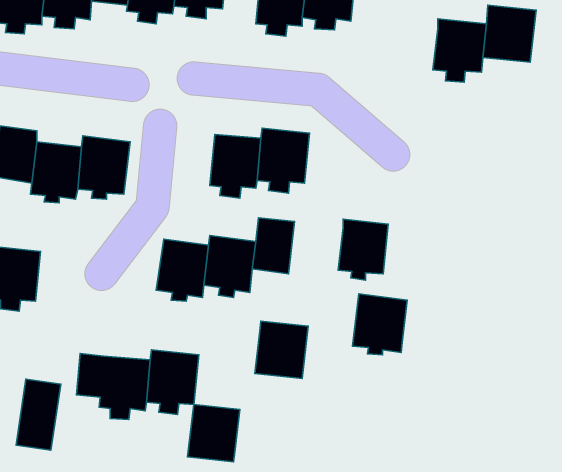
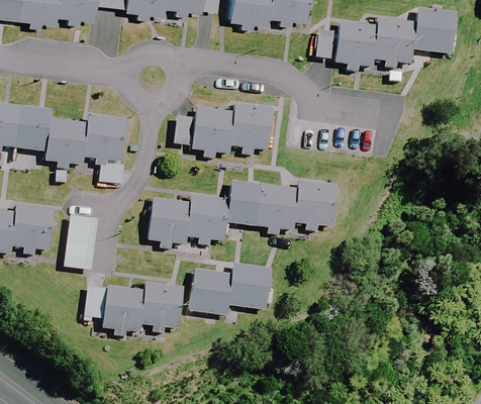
building: none -> [335,21,377,73]
building: [352,294,407,355] -> [256,182,300,231]
building: [16,379,61,450] -> [63,213,99,271]
building: [187,405,240,462] -> [190,267,232,313]

